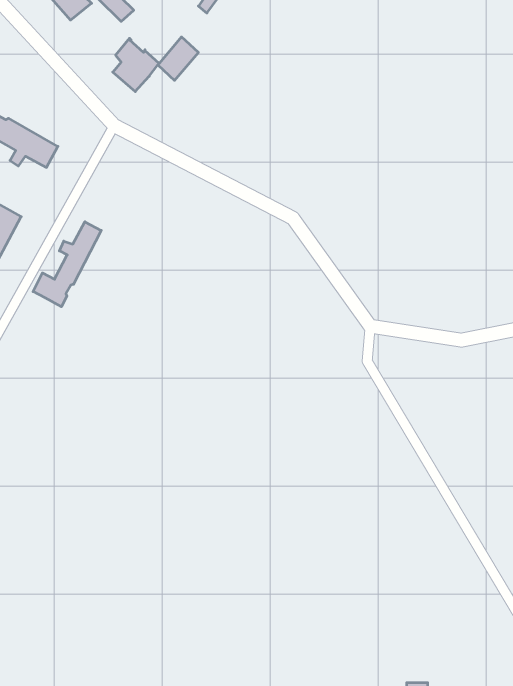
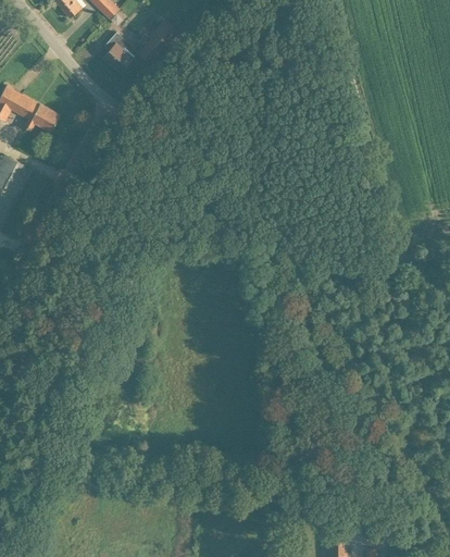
building: [33,222,101,307] -> none

